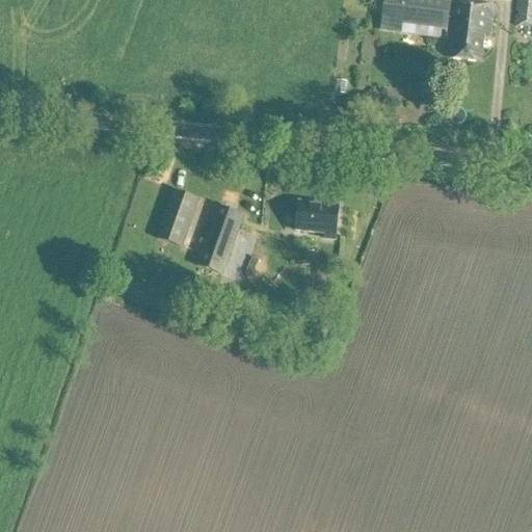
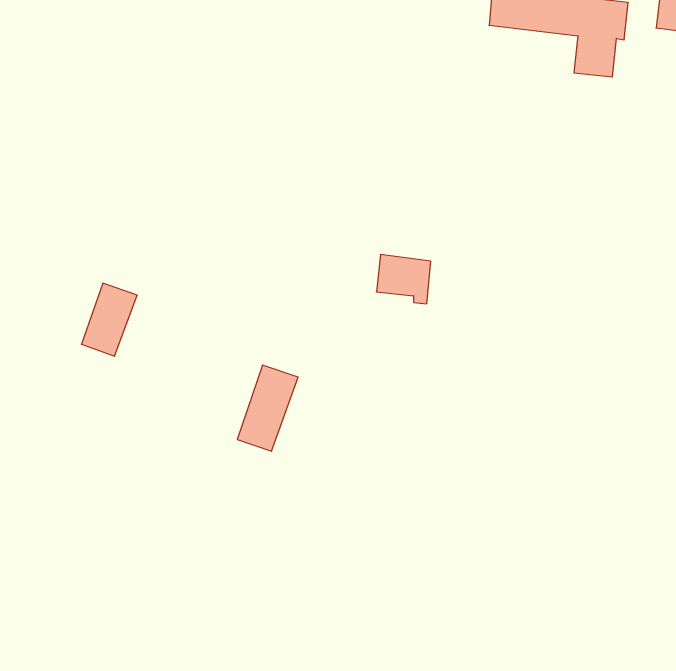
building: [157,189,201,246] -> [81,283,137,356]
building: [196,204,244,271] -> [237,365,298,451]

